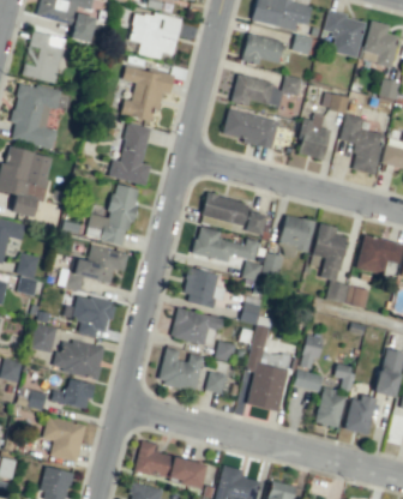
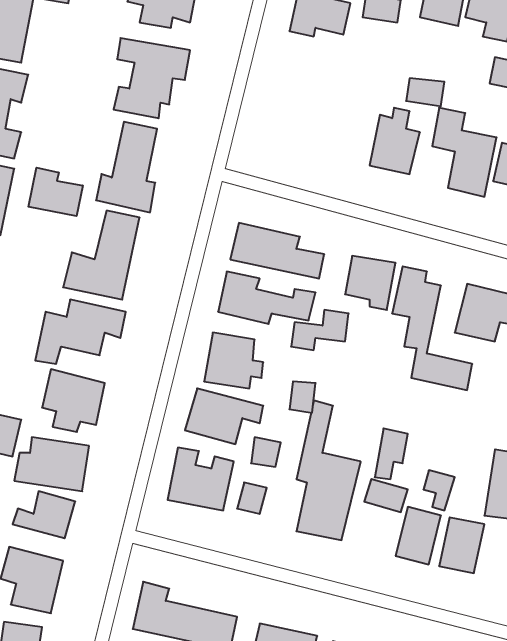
building: [231,76,302,107] -> none
building: [222,109,278,148] -> none
building: none -> [28,168,83,216]

